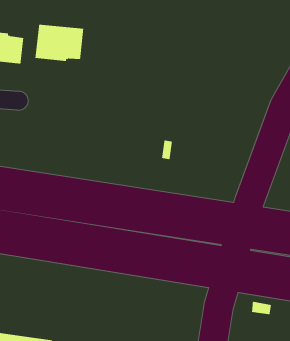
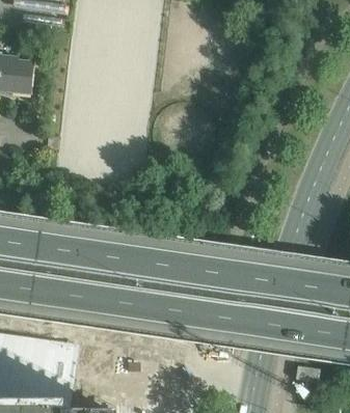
building: [34,24,84,62] -> none

